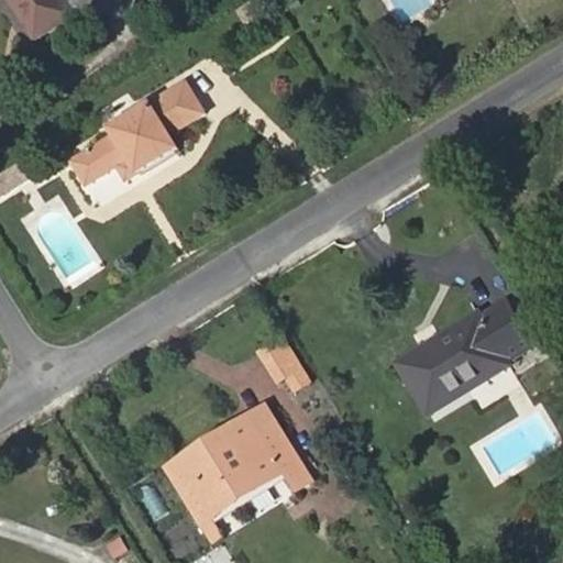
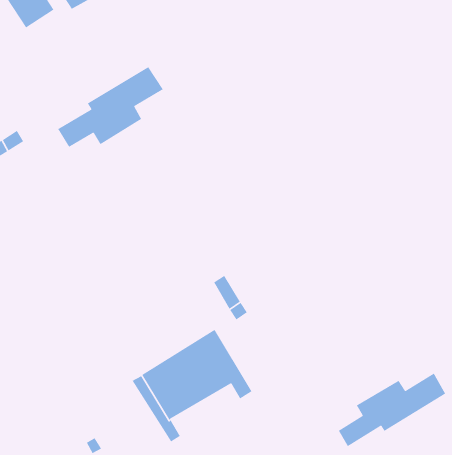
building: [396,300,532,412] -> none
building: none -> [338,373,446,447]

